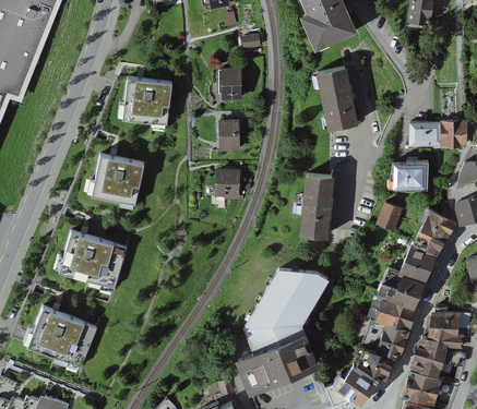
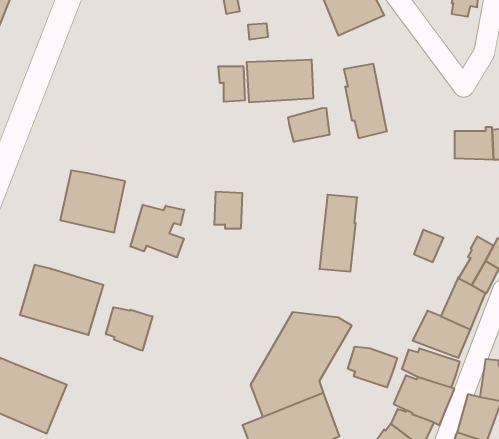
building: none -> [247,59,313,102]
building: [122,76,172,123] -> none
building: none -> [288,108,329,142]
building: [219,122,240,153] -> none
building: [394,149,437,189] -> none
building: none -> [130,205,184,257]
building: none -> [106,307,153,351]
building: none -> [348,347,397,387]

